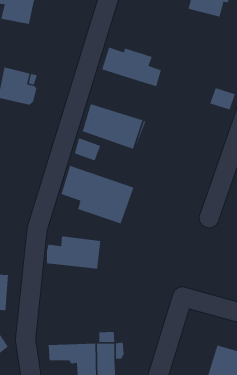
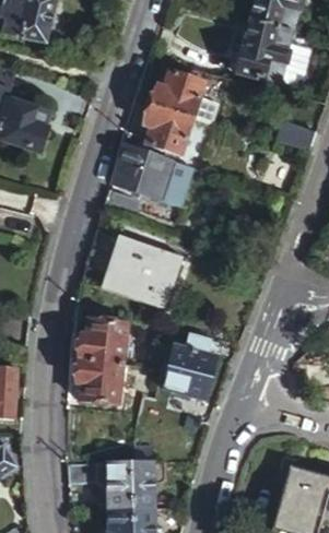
building: none -> [230,23,295,84]
building: none -> [128,103,193,156]
building: none -> [160,334,216,405]
building: none -> [66,357,133,405]

